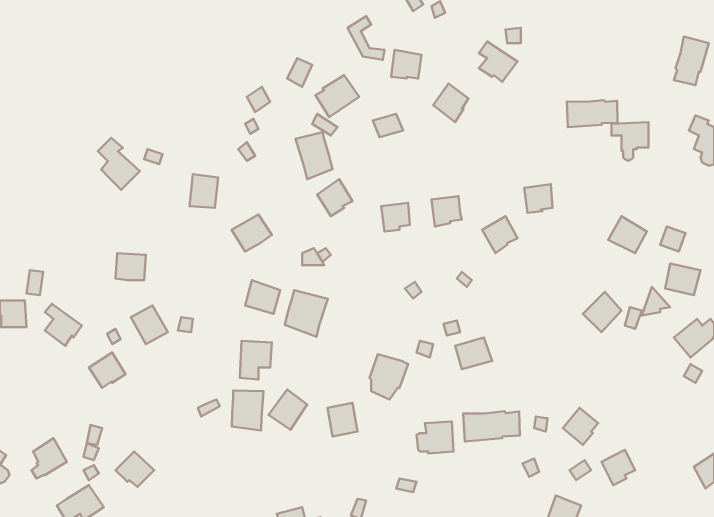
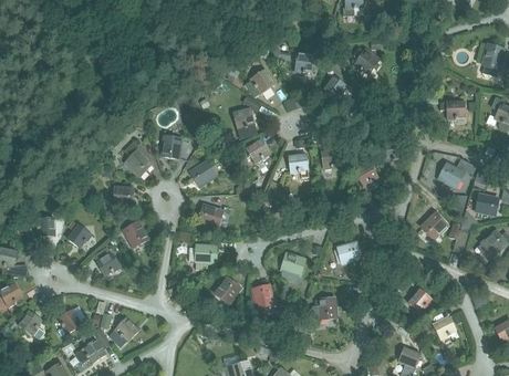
building: [567,100,617,127] -> none
building: [98,138,140,190] -> [124,142,152,176]
building: [285,290,328,337] -> none
building: [232,390,263,431] -> none
building: [463,411,520,441] -> none

